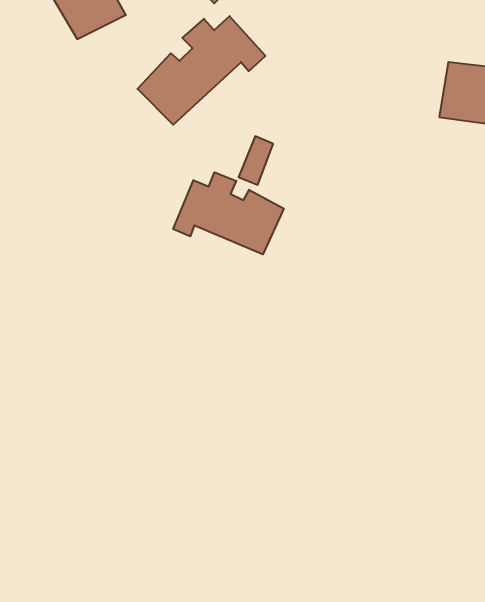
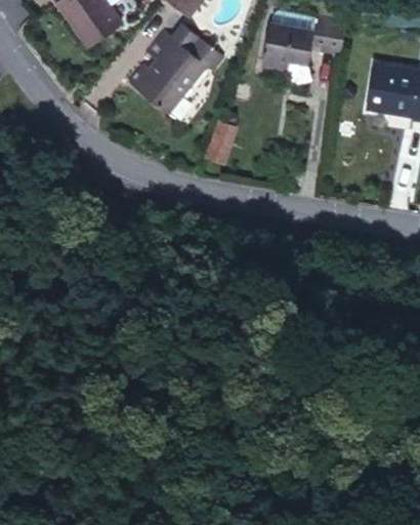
building: none -> [264,18,342,86]
building: [173,172,284,254] -> none

